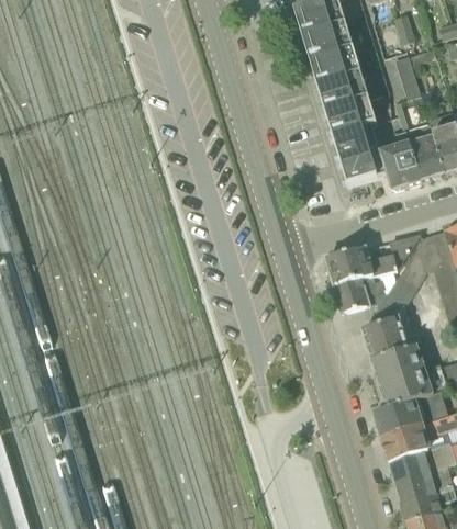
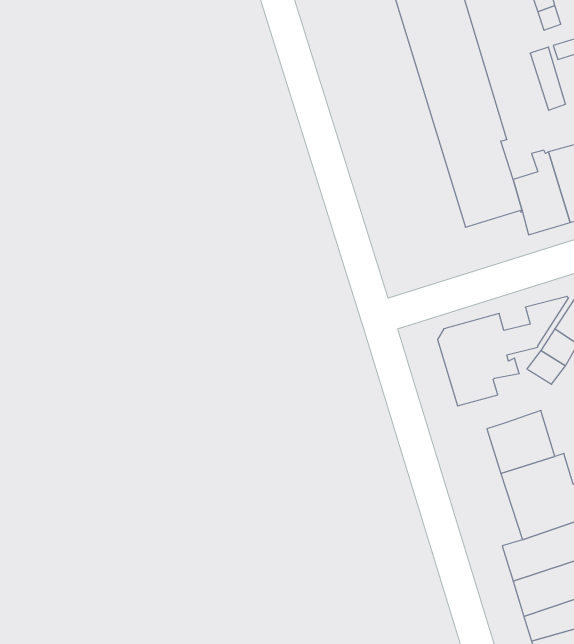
building: [372,286,409,325] -> none

